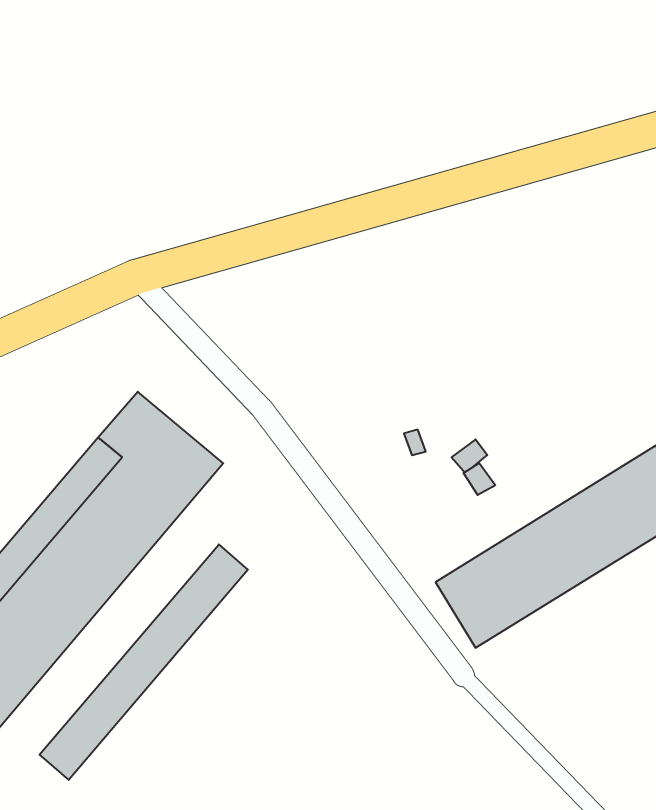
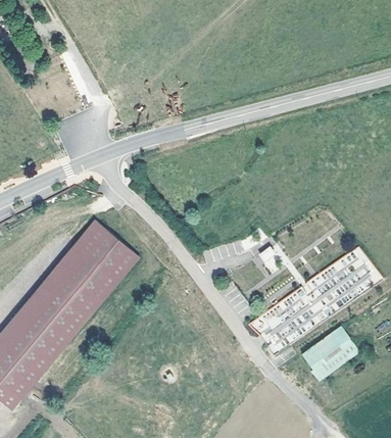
building: [40,544,248,780] -> none
building: none -> [303,335,344,375]

